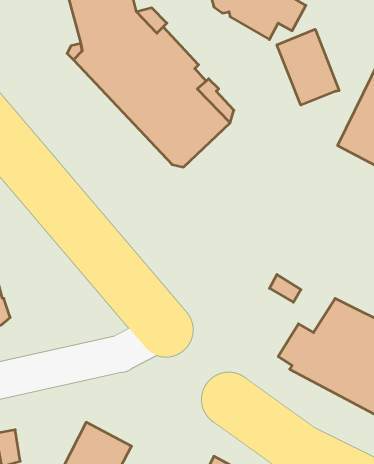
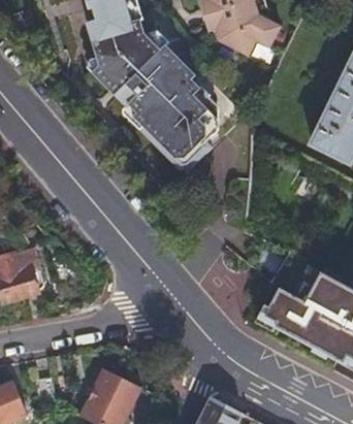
building: [277,29,339,105] -> none

